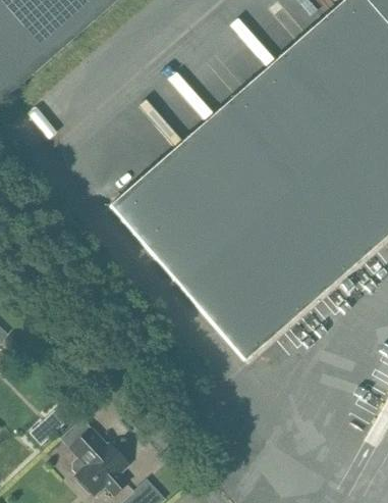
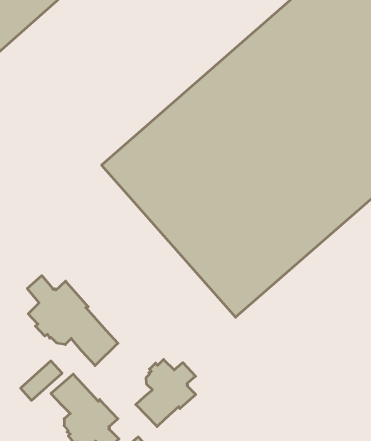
building: none -> [27,276,118,366]
building: none -> [136,359,196,427]

